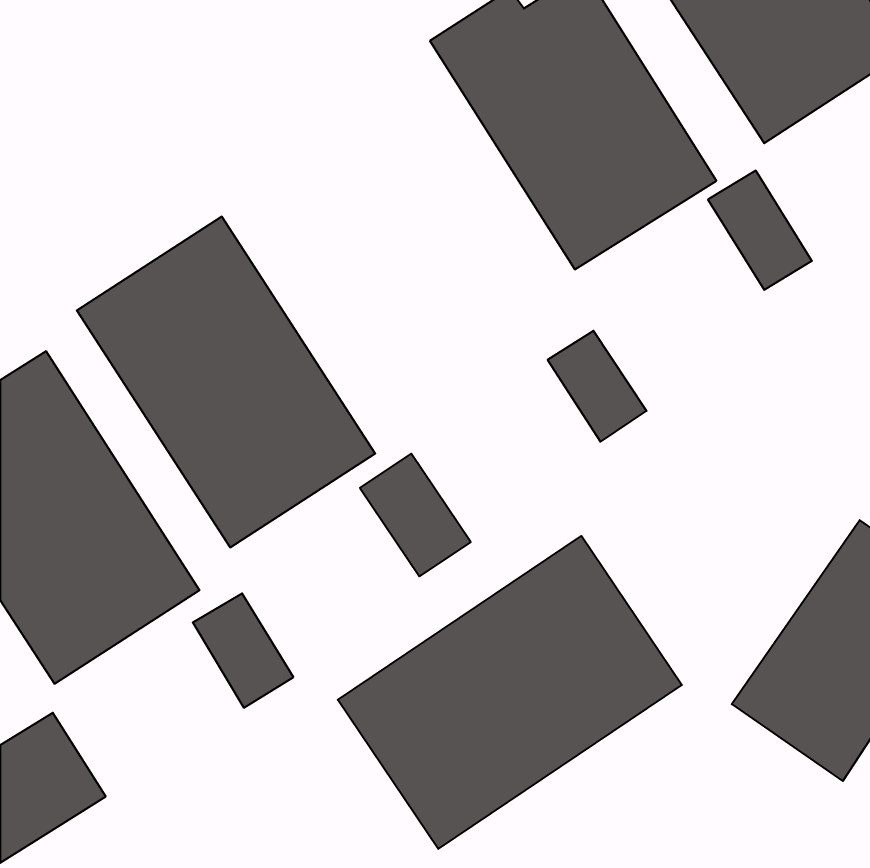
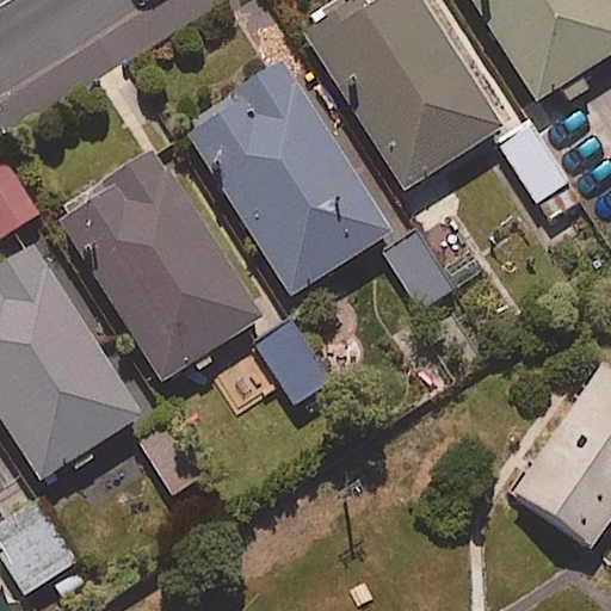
building: none -> [181,63,391,296]
building: [338,536,682,849] -> none

